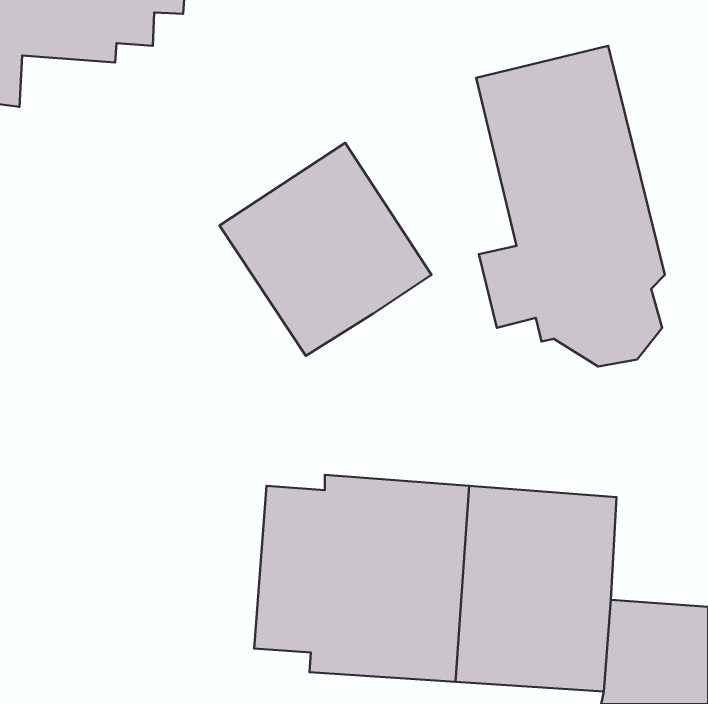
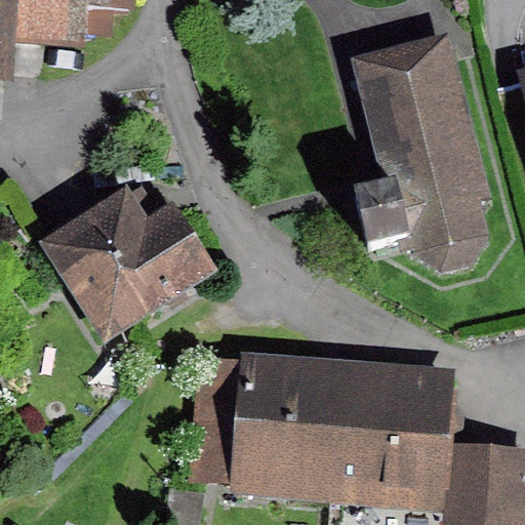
building: [220,143,431,356] -> none
building: none -> [41,184,214,339]

